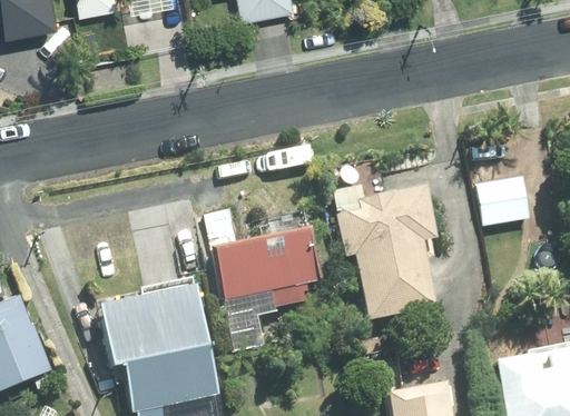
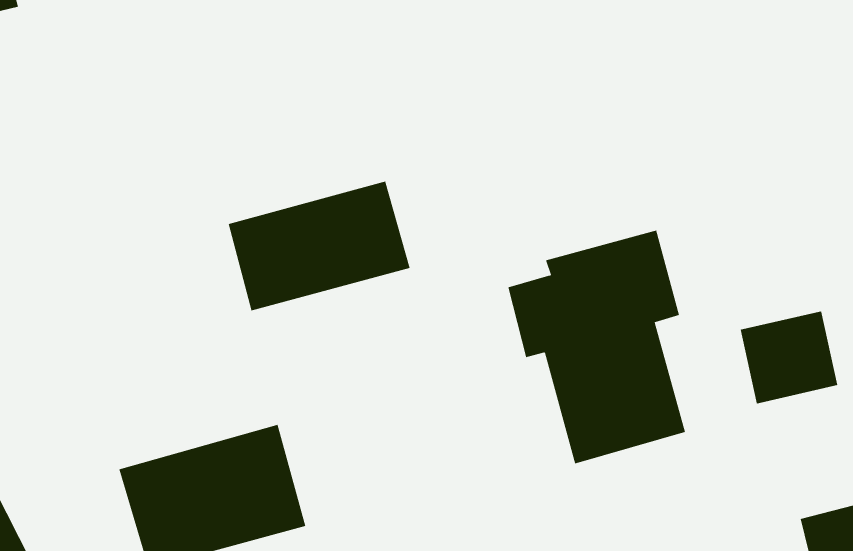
building: [474,176,530,228] -> [740,311,838,404]
building: [213,228,318,299] -> [228,181,411,311]

